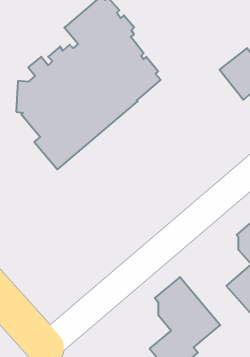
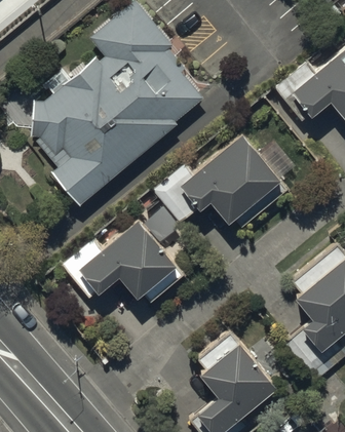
building: none -> [154,138,286,227]
building: none -> [62,223,184,303]

